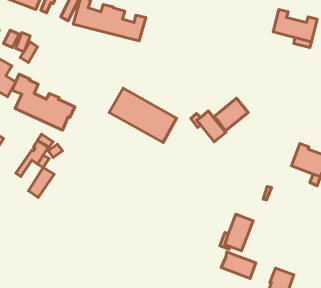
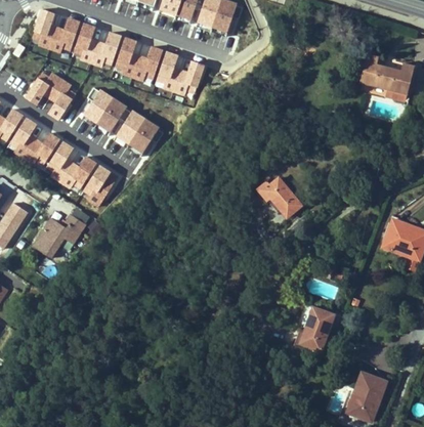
building: [109,88,177,142] -> [77,89,160,156]
building: [214,98,248,131] -> none
building: [28,168,54,197] -> [31,218,62,255]
building: [221,252,256,278] -> none

